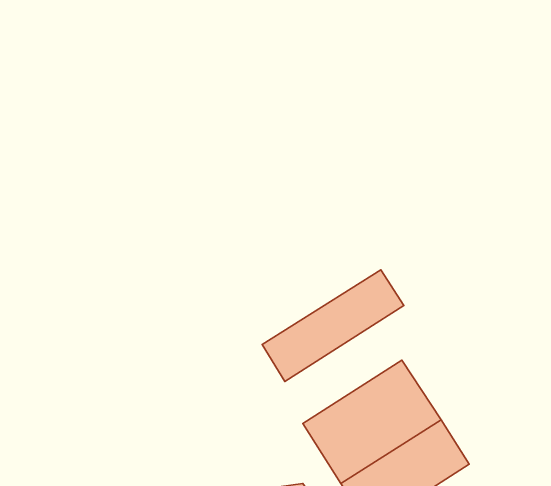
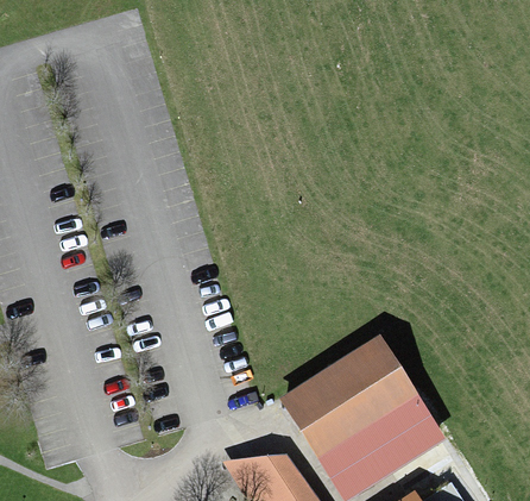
building: [262,270,404,382] -> none

